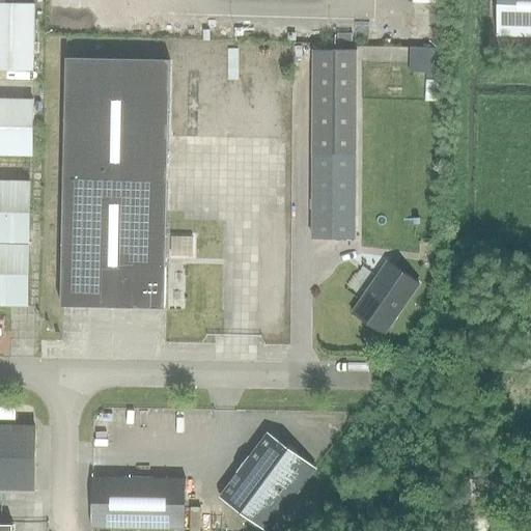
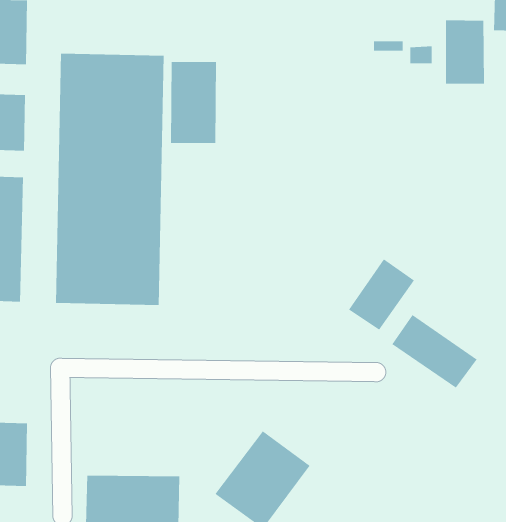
building: none -> [446,19,485,84]
building: [311,49,356,237] -> none
building: none -> [171,61,216,144]
building: none -> [392,314,477,388]

